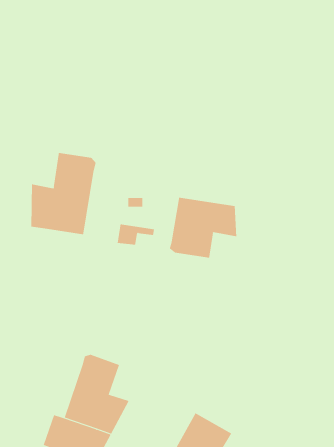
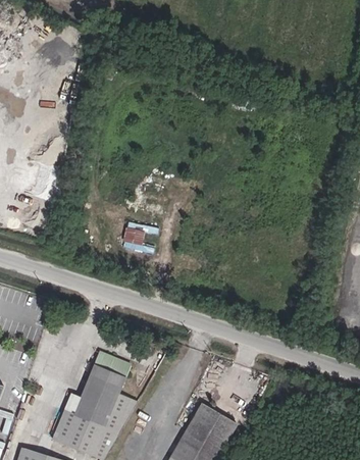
building: [31,152,96,235] -> none
building: [169,197,237,258] -> none

